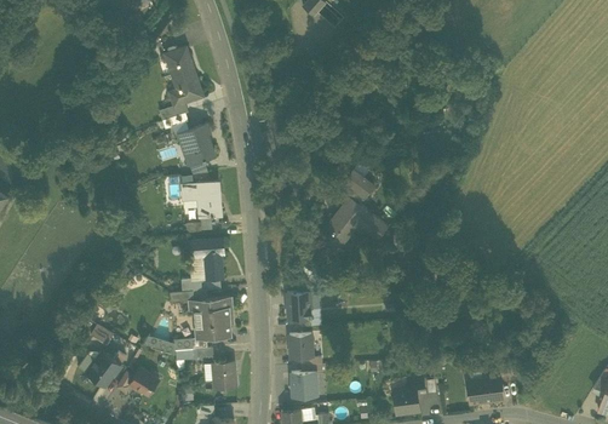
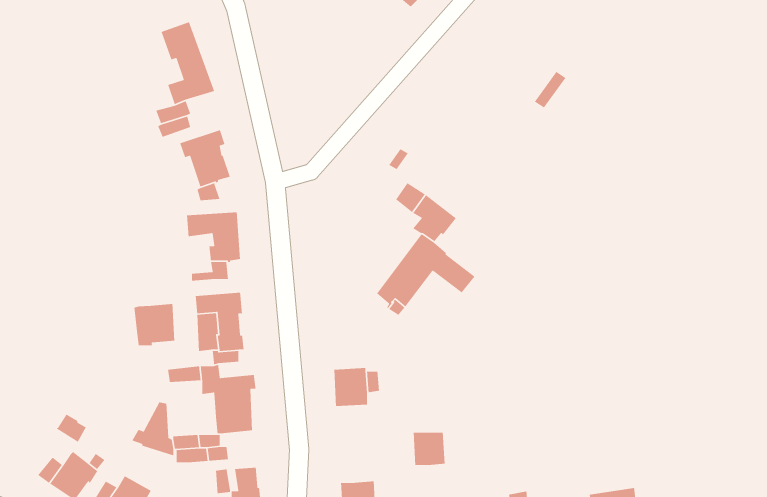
building: none -> [134,303,175,346]
building: [289,334,312,359] -> [413,432,445,466]

